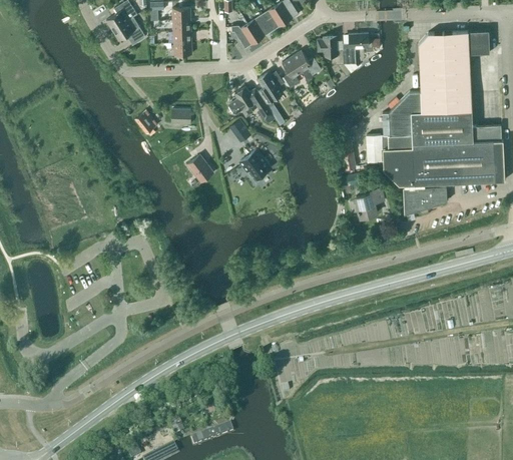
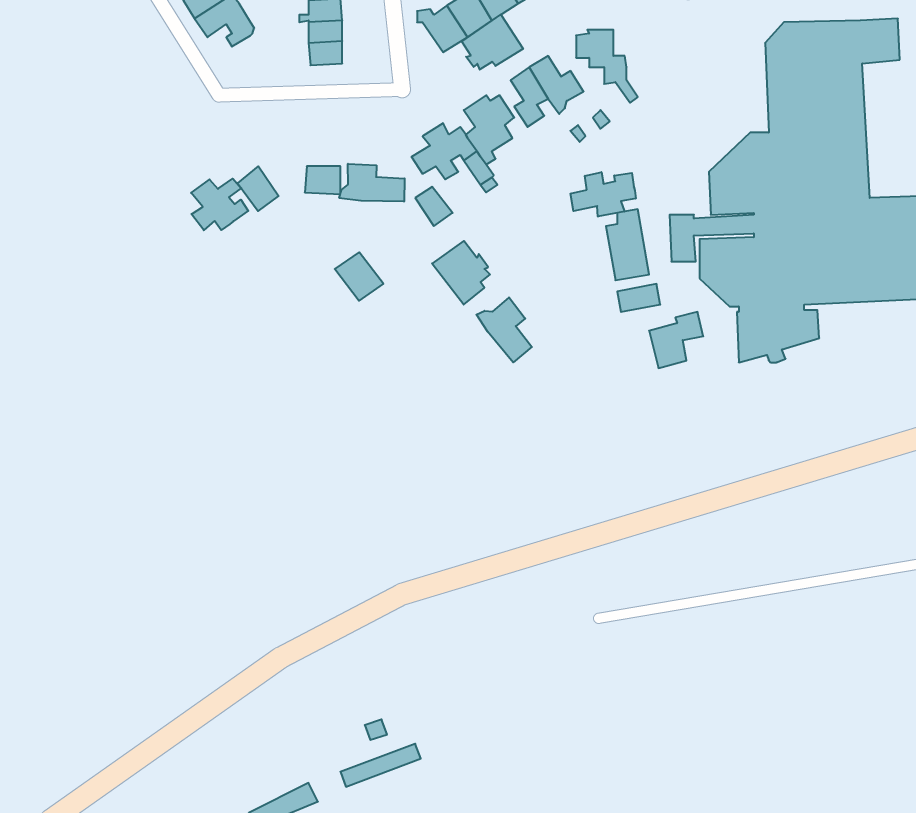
building: none -> [462,15,523,70]
building: [343,34,369,73] -> none
building: none -> [339,164,405,202]
building: none -> [570,172,636,217]
building: none -> [191,179,248,230]
building: none -> [476,297,532,362]

